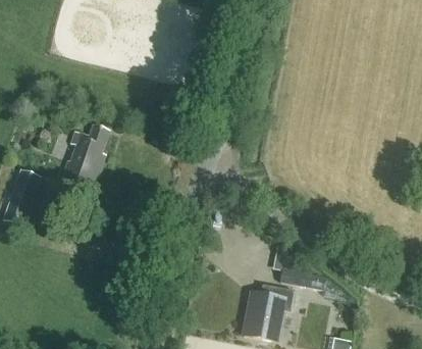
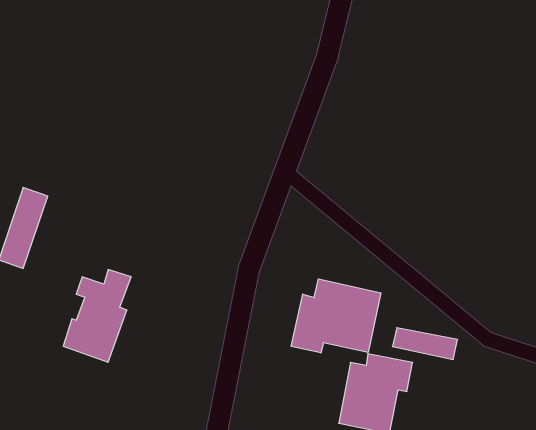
building: [61,124,109,190] -> [63,270,131,362]
building: none -> [291,279,381,353]

